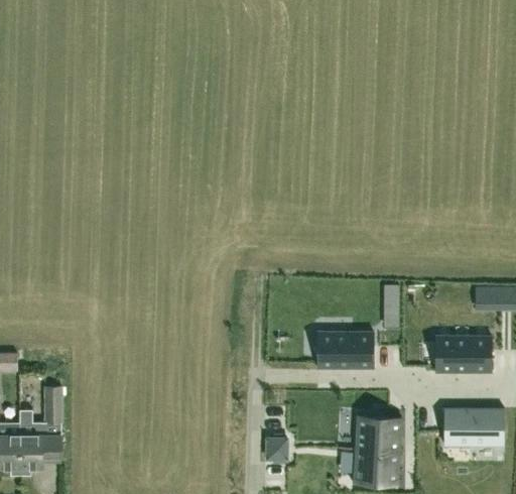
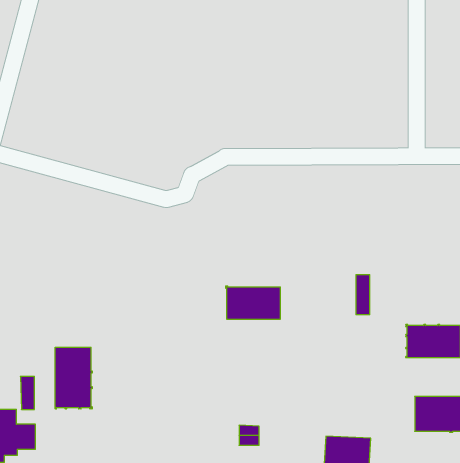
building: [317,333,373,366] -> [226,286,280,319]
building: none -> [55,347,92,409]
building: [355,415,401,452] -> none

